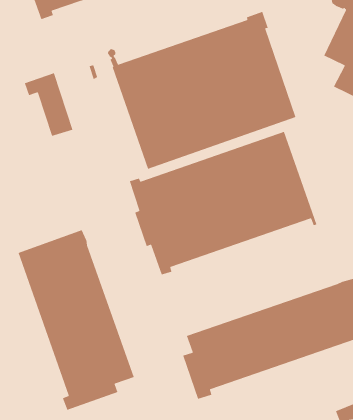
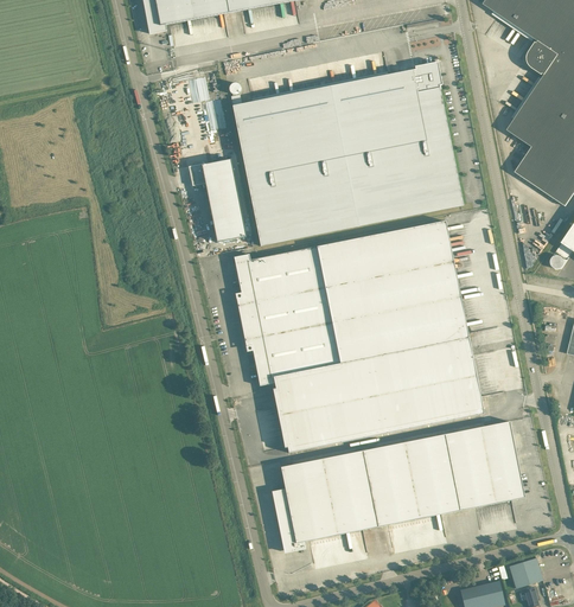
building: [24,72,73,137] -> [191,158,247,241]
building: none -> [273,338,484,452]
building: [17,229,135,411] -> none

